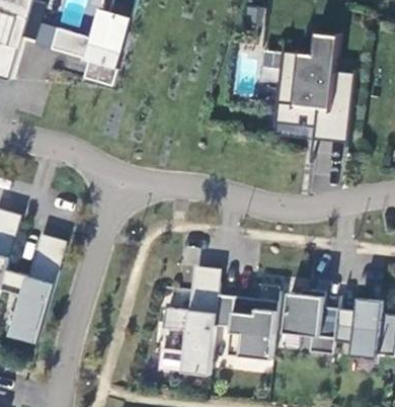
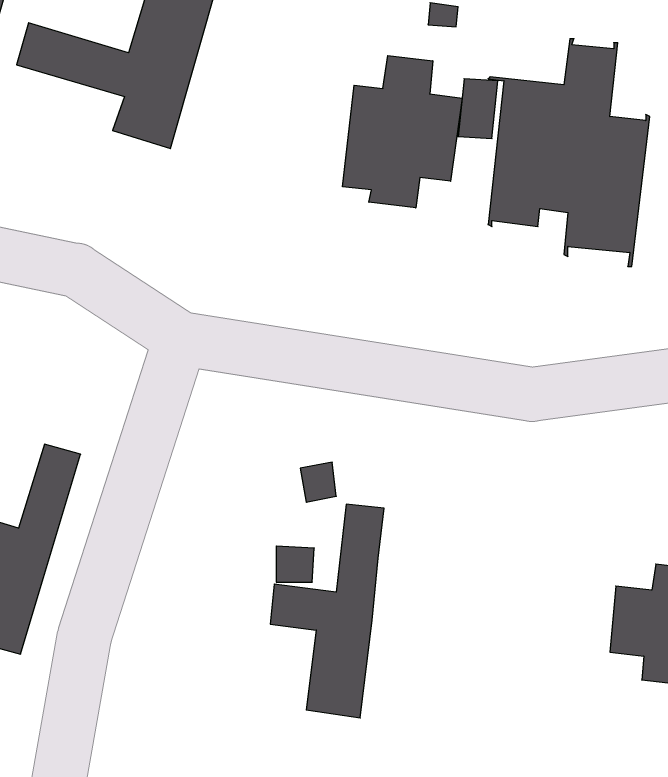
building: none -> [343,56,462,208]
building: [283,289,337,353] -> none
building: [214,294,278,359] -> none

